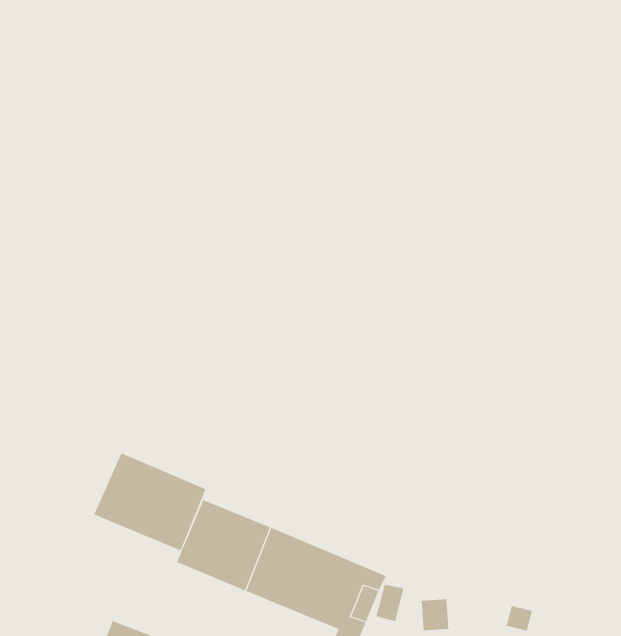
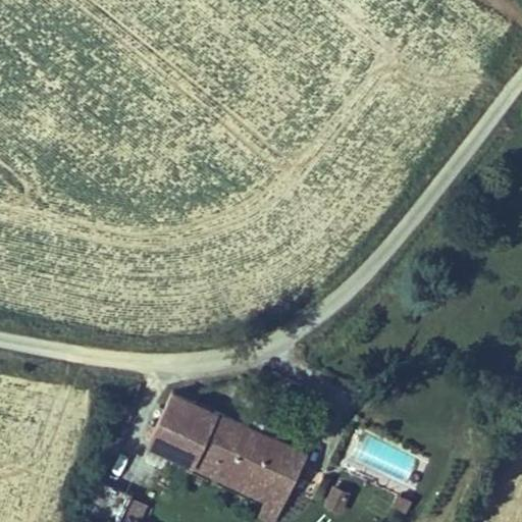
building: [93,453,206,551] -> none

